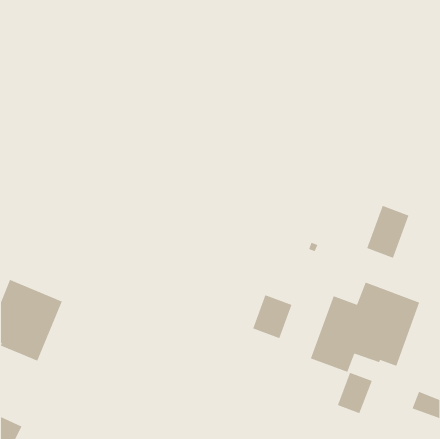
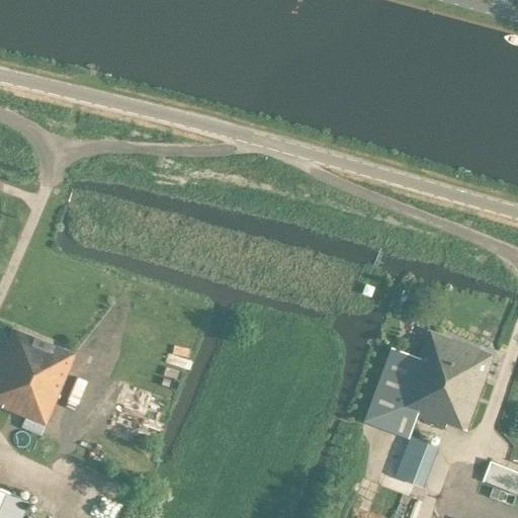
building: [366,205,409,259] -> none
building: [252,294,292,339] -> none

